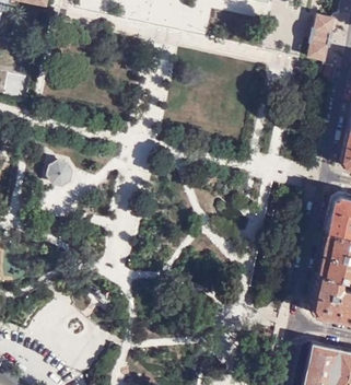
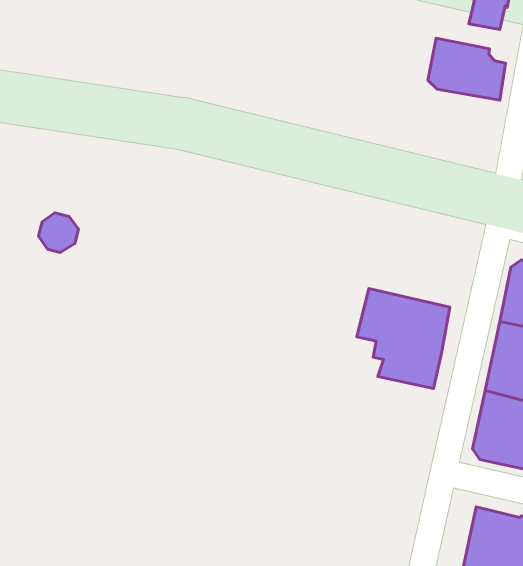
building: none -> [428,38,506,100]
building: none -> [357,288,450,388]

